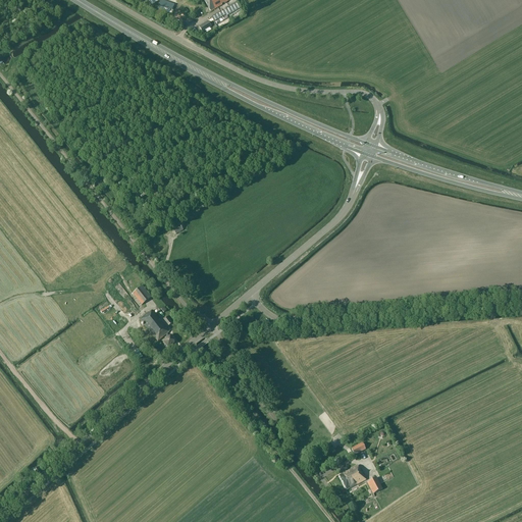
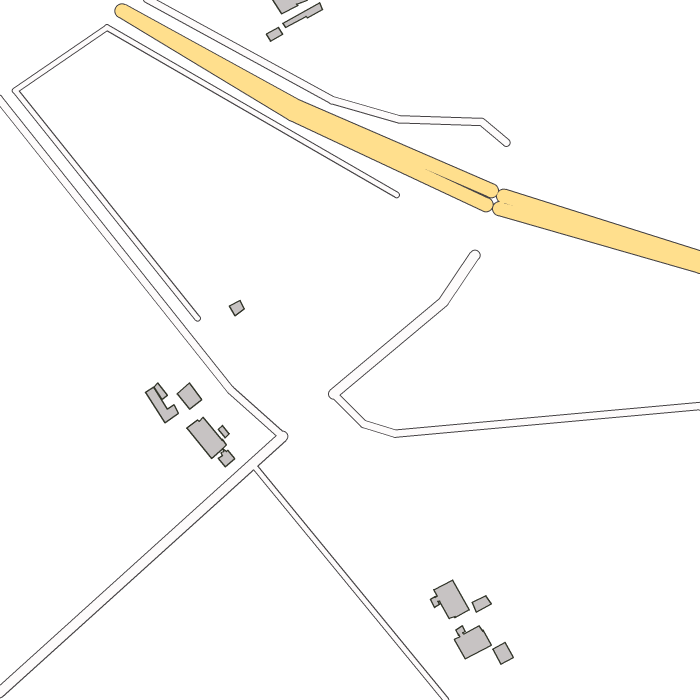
building: none -> [430,580,469,619]

